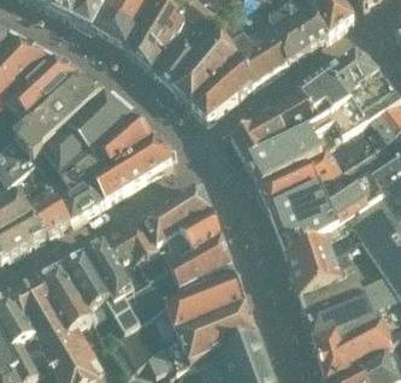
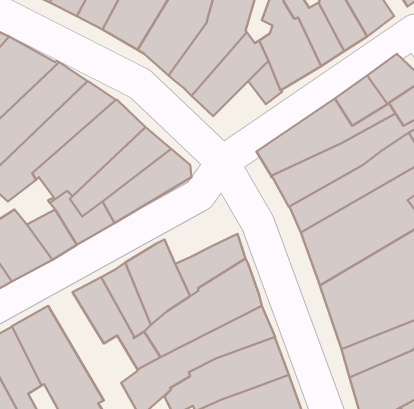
building: [191,73,238,119] -> none
building: [148,183,213,236] -> none
building: [45,261,98,358] -> none

